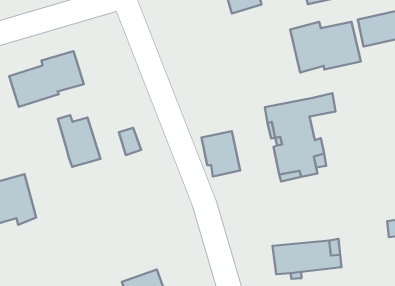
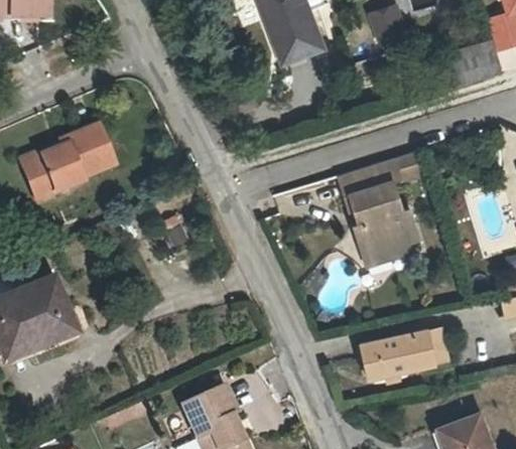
building: [290,22,361,72] -> none
building: [58,115,101,167] -> none
building: [201,131,240,176] -> none

